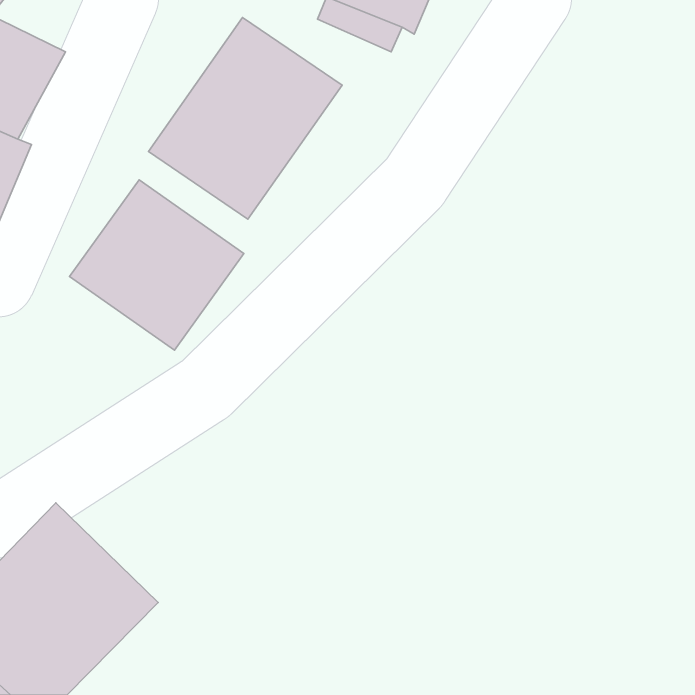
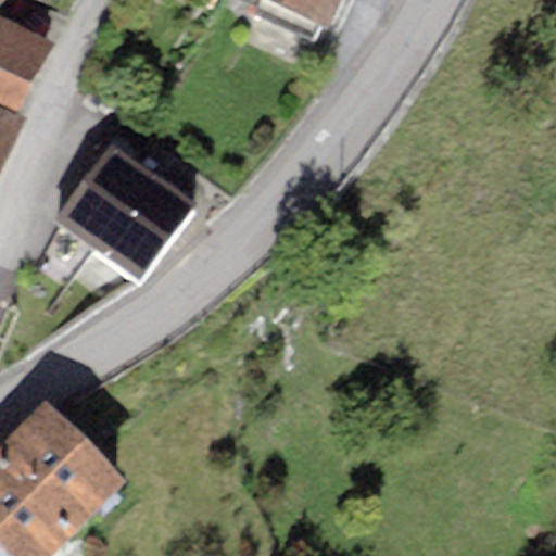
building: [148,17,342,219] -> none

